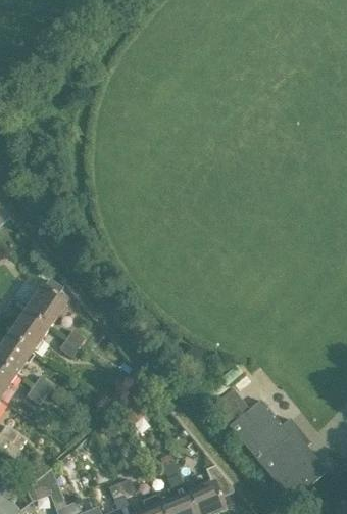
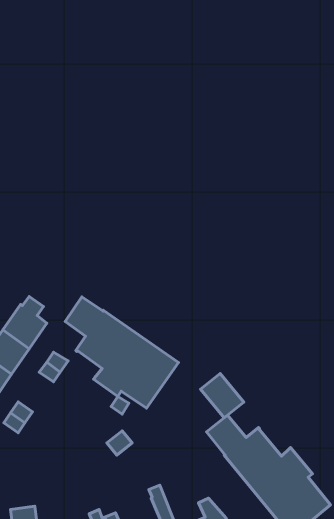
building: none -> [65,297,178,408]
building: none -> [201,374,244,418]

